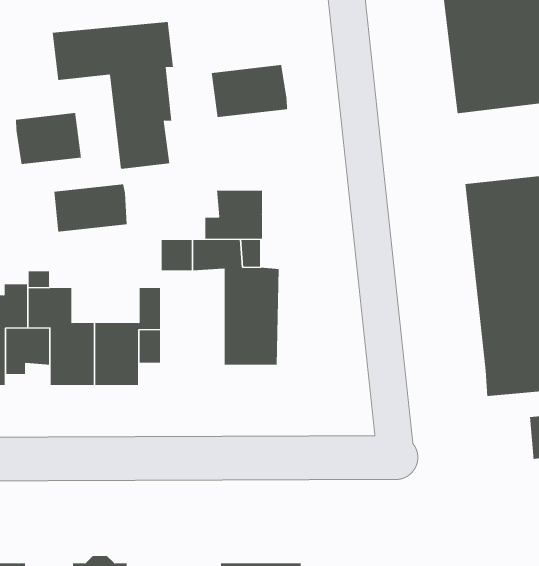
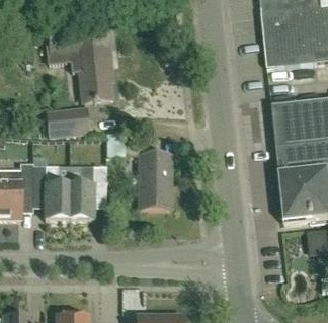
building: [211,64,288,118] -> none
building: [16,112,81,165] -> none
building: [205,190,262,239] -> none
building: none -> [57,164,93,183]

